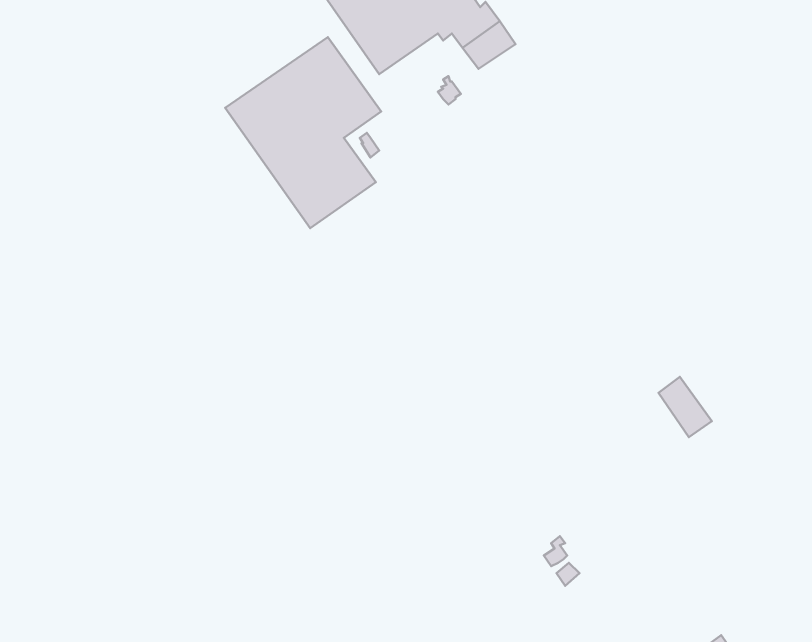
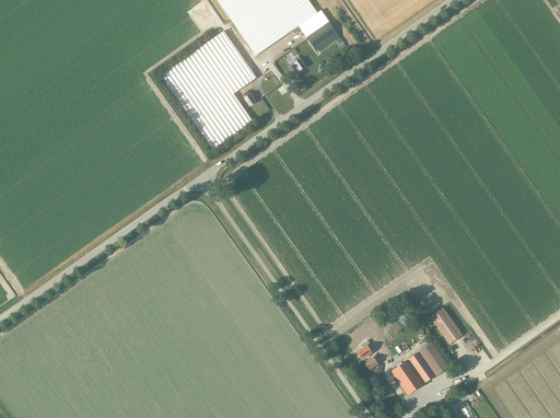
building: [659,377,712,437] -> [430,307,463,345]
building: none -> [392,342,448,395]

